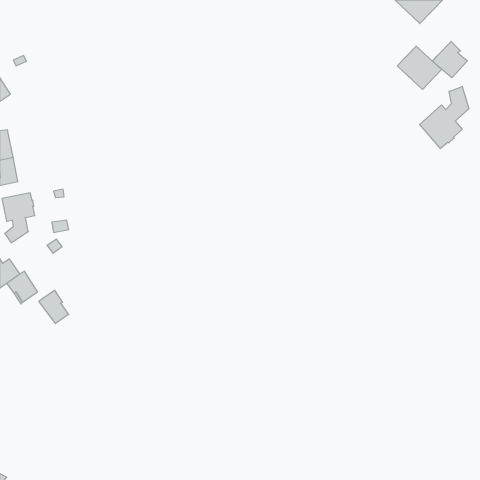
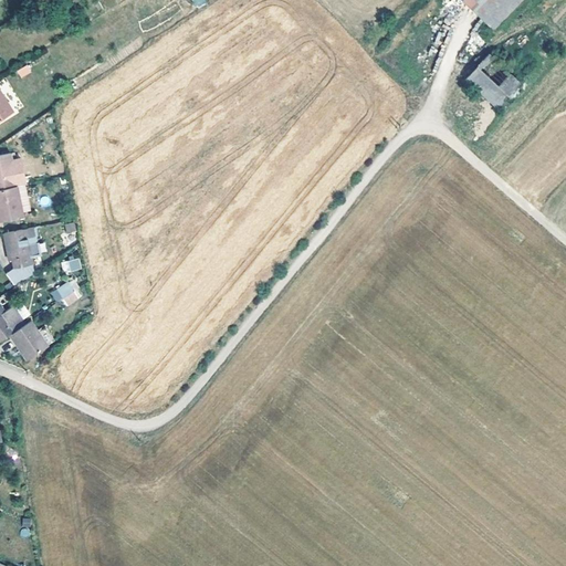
building: [433,41,467,78] -> none
building: [420,86,469,149] -> none
building: [39,290,69,324] -> none

